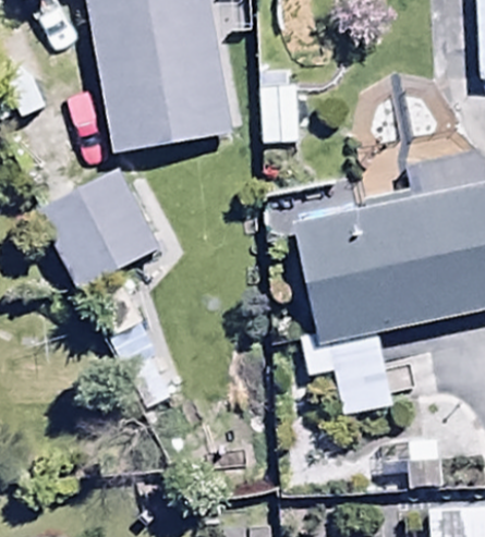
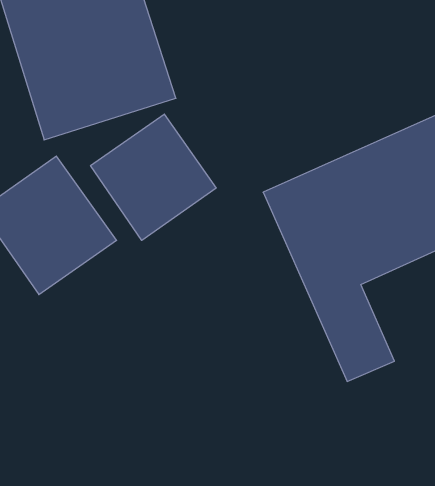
building: none -> [91,114,216,240]

